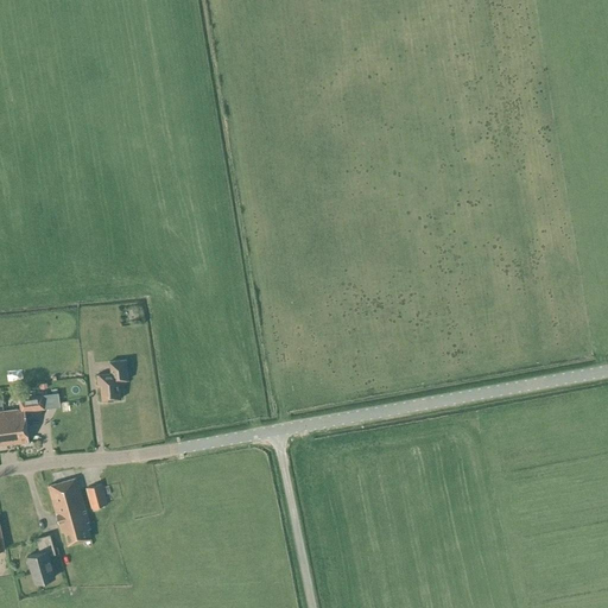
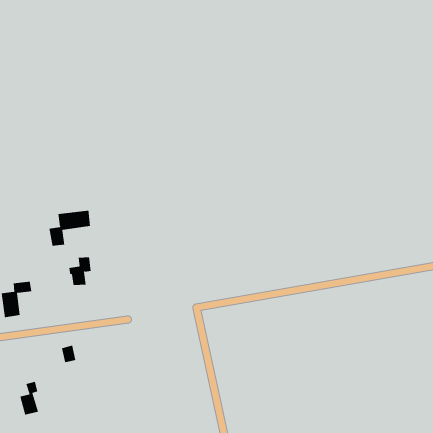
building: none -> [49,210,91,246]
building: [49,477,90,545] -> none

